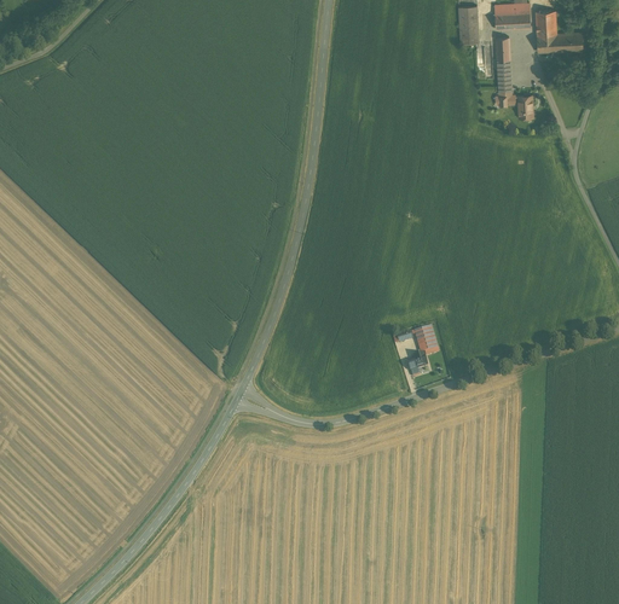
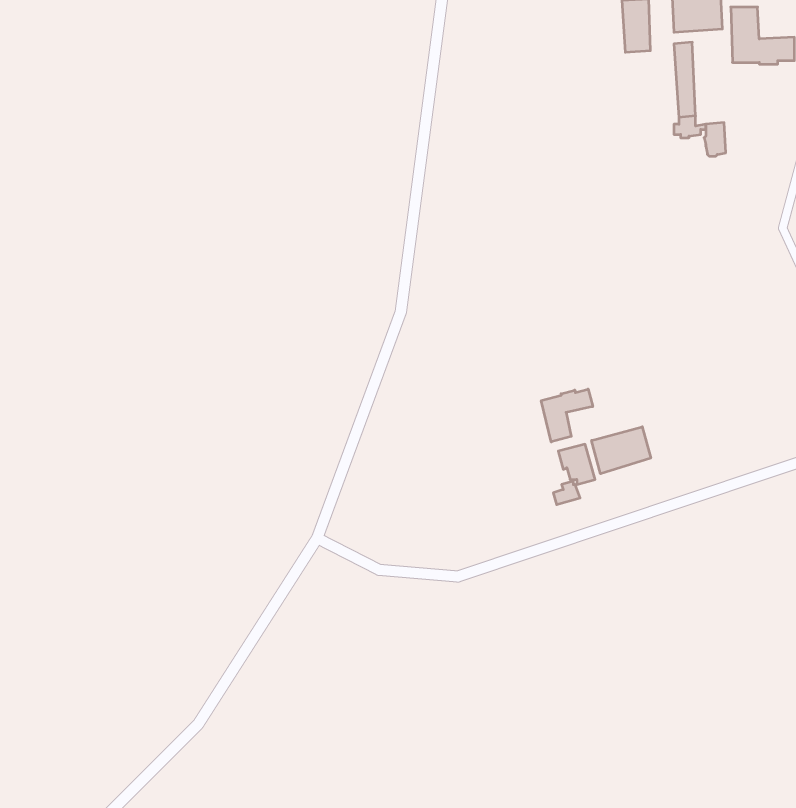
building: none -> [541,389,593,442]
building: none -> [592,427,651,474]

